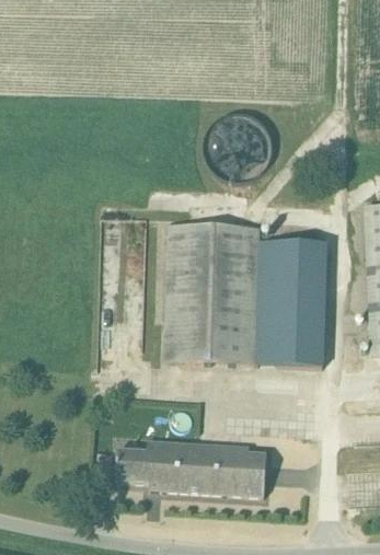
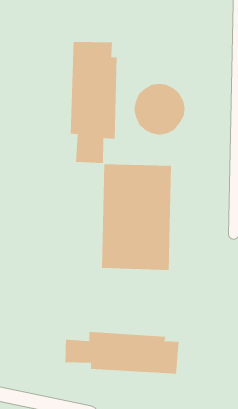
building: none -> [70,41,117,164]
building: [254,240,327,363] -> none

